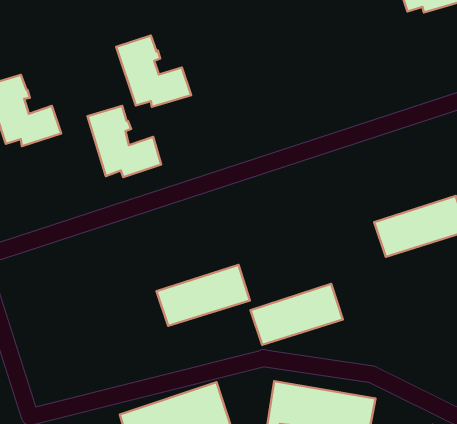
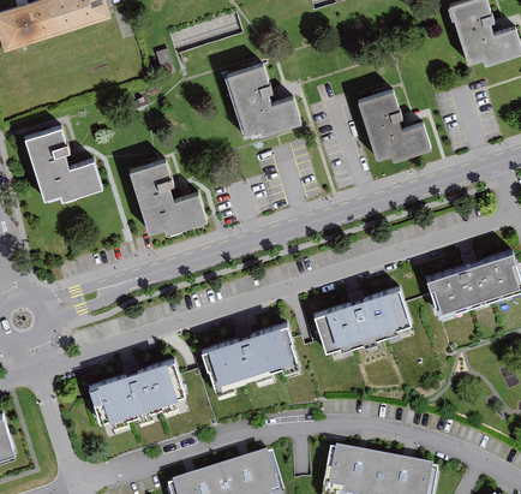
building: [116,35,191,107] -> [226,64,304,138]
building: none -> [354,89,431,163]
building: [251,284,343,345] -> [313,290,409,353]
building: none -> [88,362,184,425]

